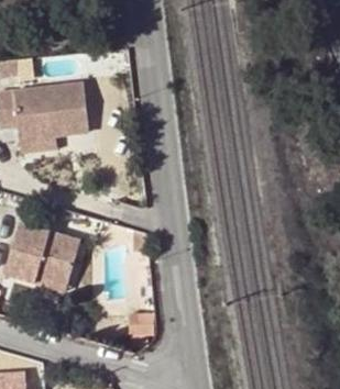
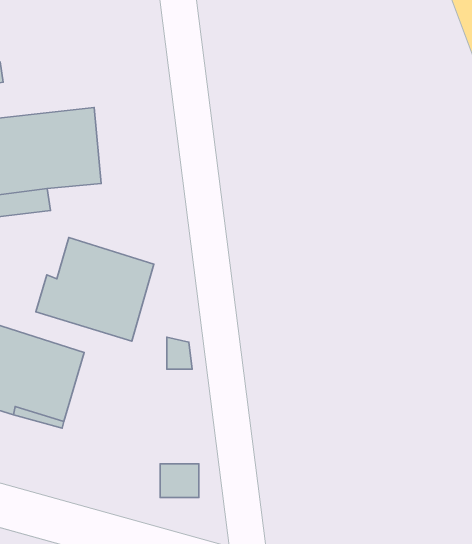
building: none -> [36,238,154,341]

